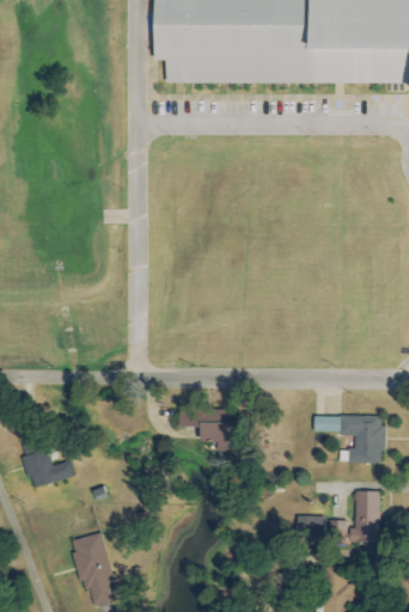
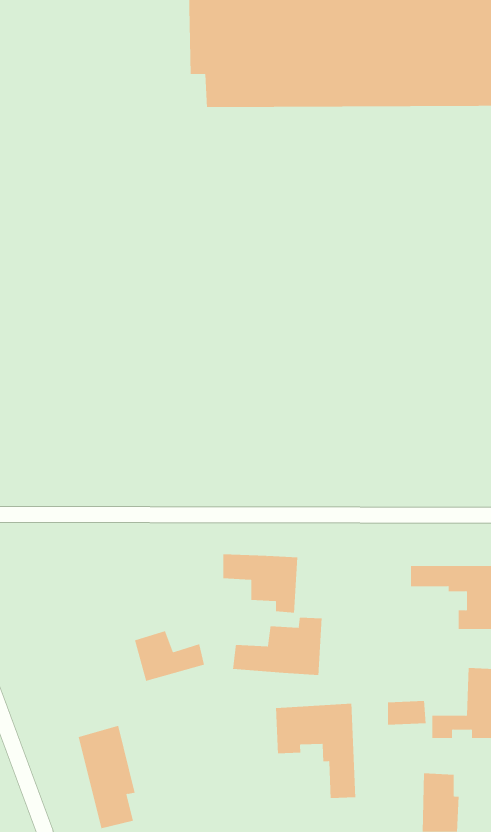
building: [24,451,75,488] -> [134,630,205,681]
building: none -> [232,617,322,676]
building: none -> [276,703,356,799]

